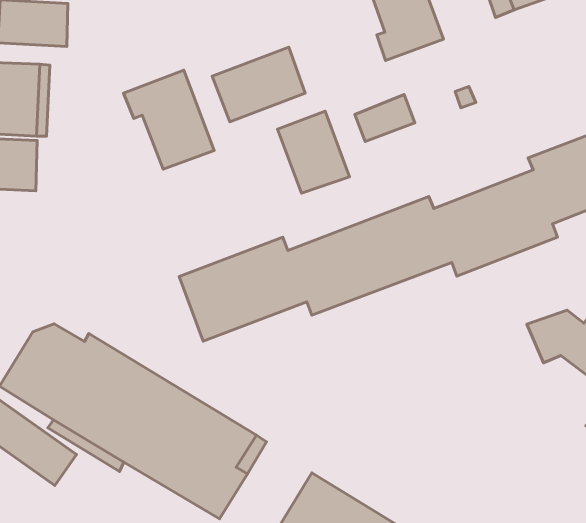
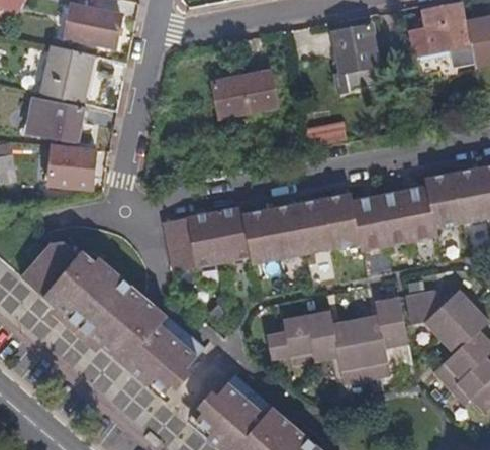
building: [123,70,214,169] -> none
building: [278,111,349,193] -> none
building: none -> [47,144,103,188]
building: none -> [267,298,406,384]

